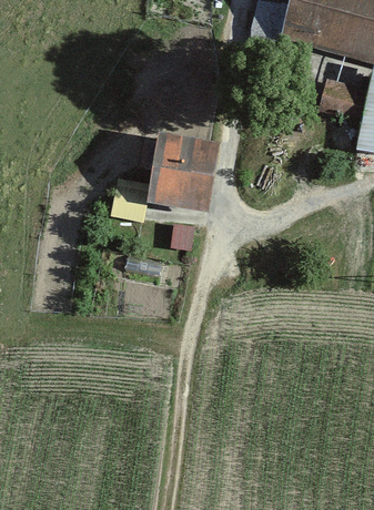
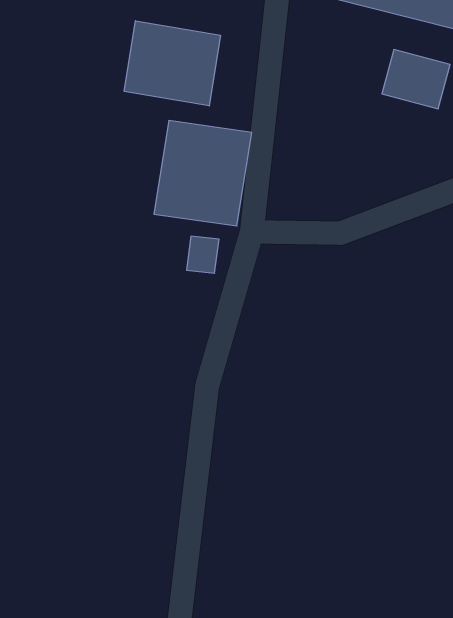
building: none -> [124,21,220,106]

